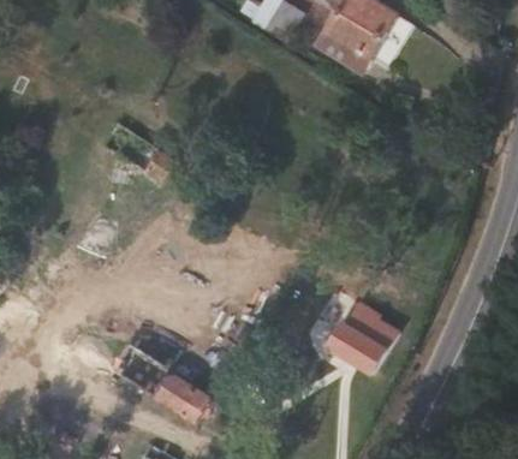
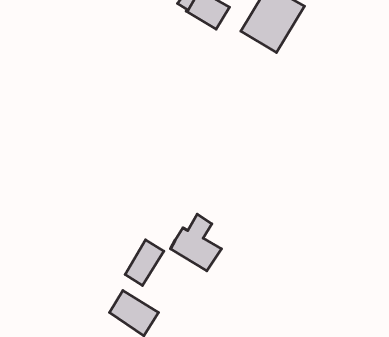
building: [325,303,388,374] -> [170,214,221,271]
building: none -> [125,240,164,286]

